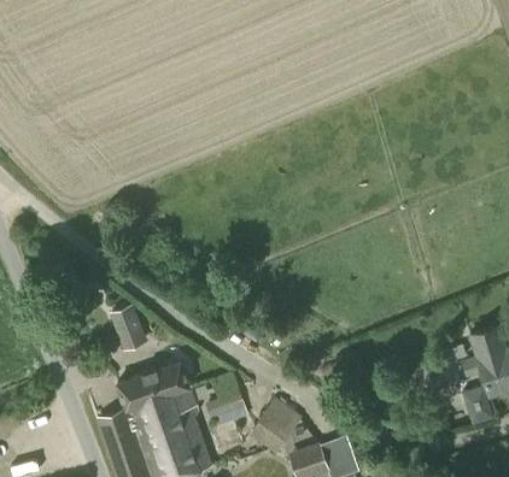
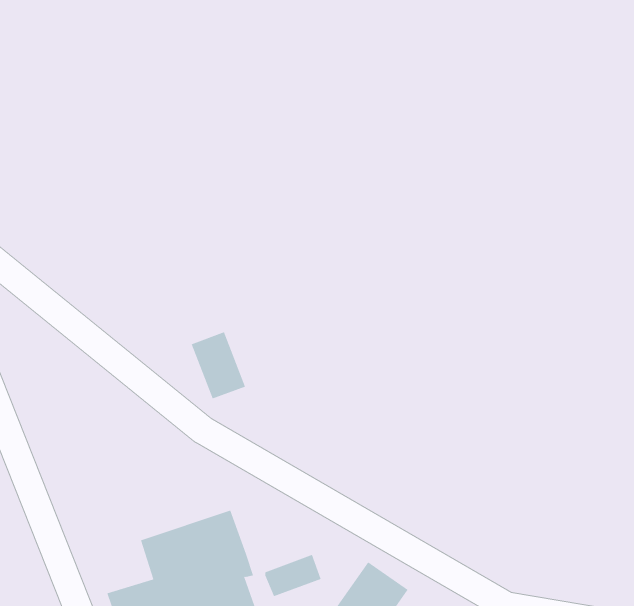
building: [111,305,148,351] -> [191,332,246,399]

